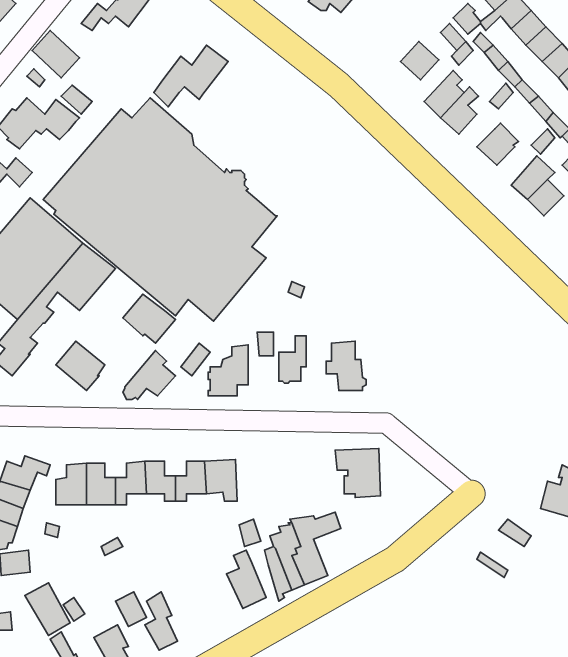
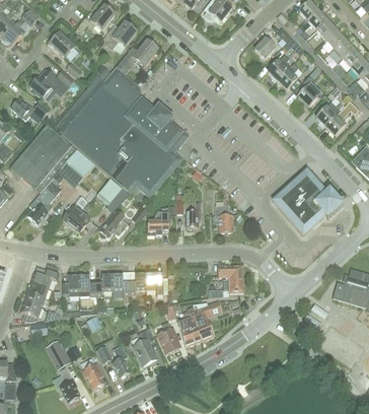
building: none -> [101,21,137,49]
building: none -> [273,168,343,233]
building: none -> [133,327,156,364]

